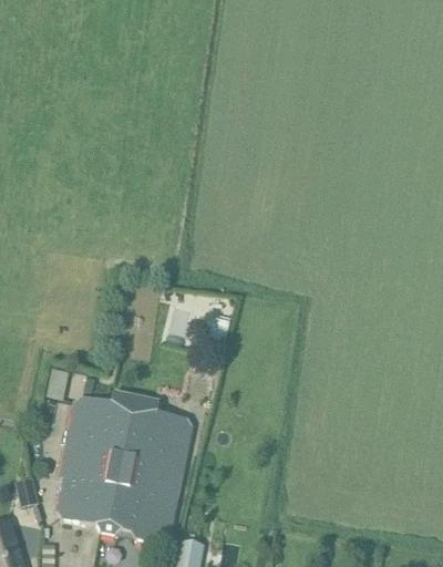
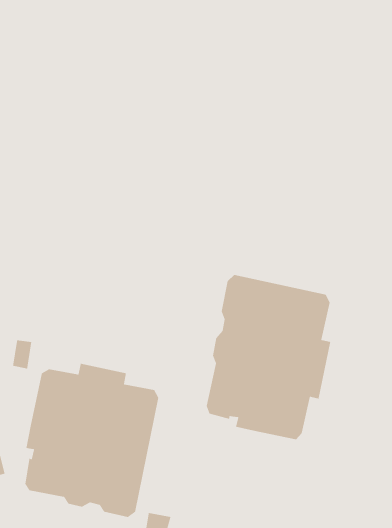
building: none -> [206,274,331,440]

